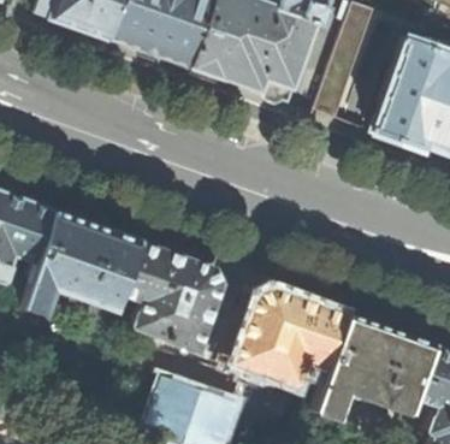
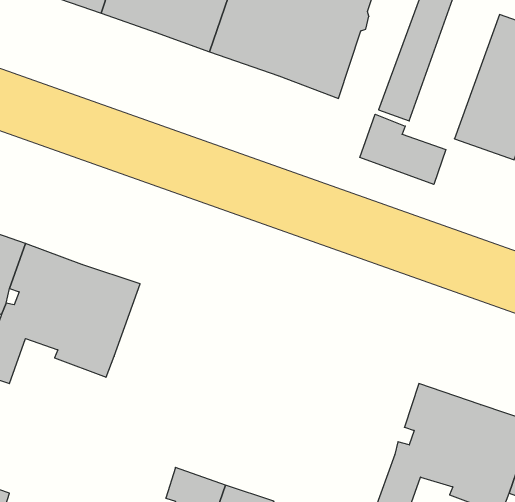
building: none -> [360,114,446,184]
building: [118,241,220,351] -> none
building: [230,288,345,386] -> none

